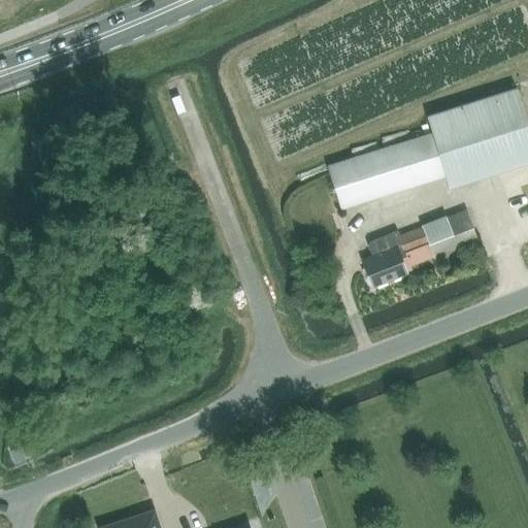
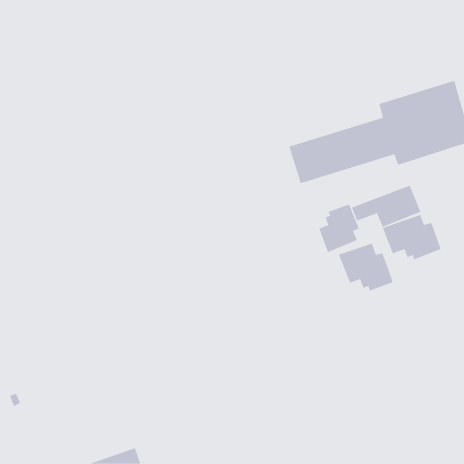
building: none -> [382,214,441,260]
building: none -> [338,243,393,292]

